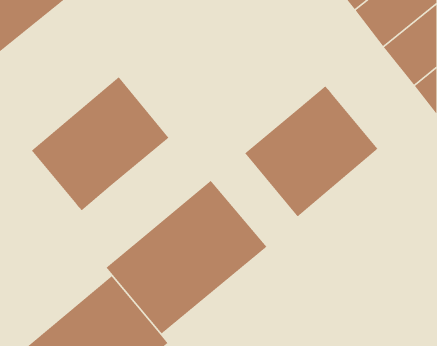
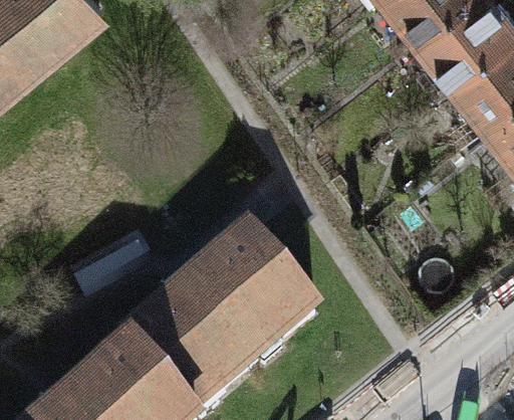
building: [31,76,170,211] -> none
building: [244,85,379,217] -> none

